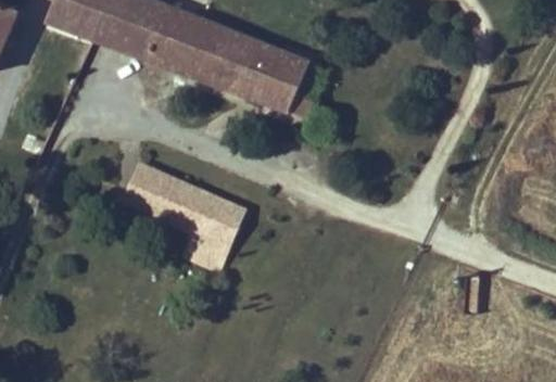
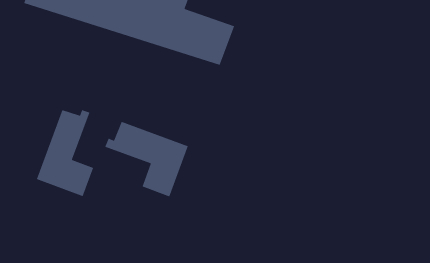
building: none -> [36,109,94,197]

